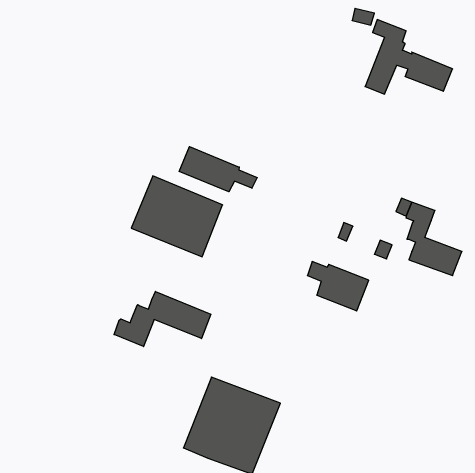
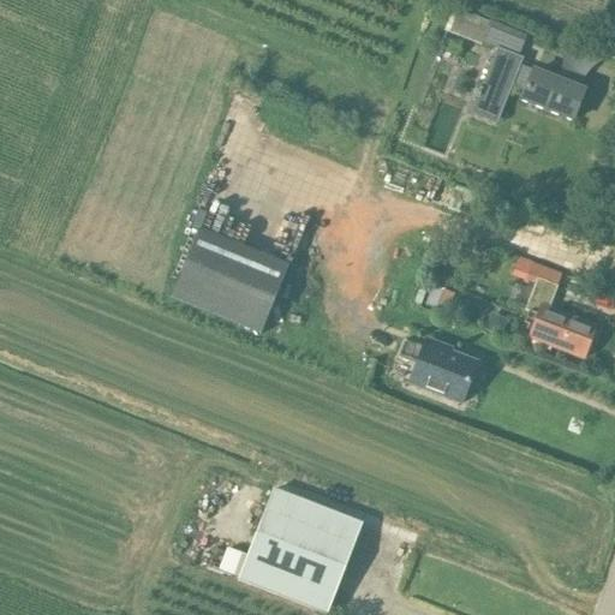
building: [179,147,257,192] -> none
building: [114,291,211,347] -> none

